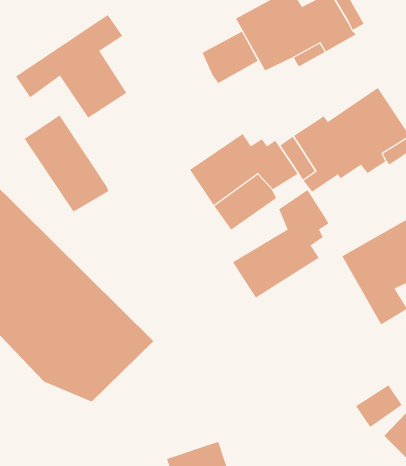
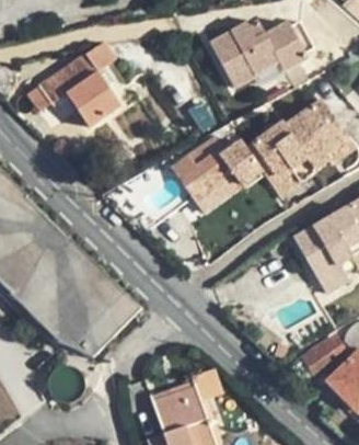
building: [202,31,259,84] -> none
building: [24,115,109,212] -> none
building: [232,189,329,299] -> none

